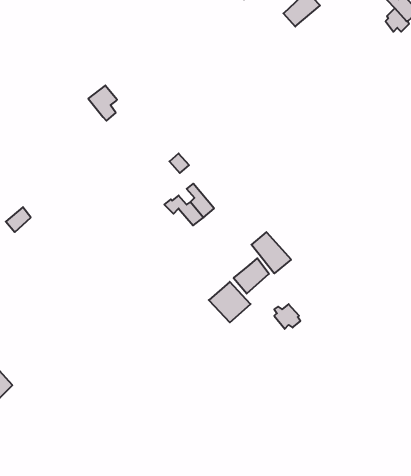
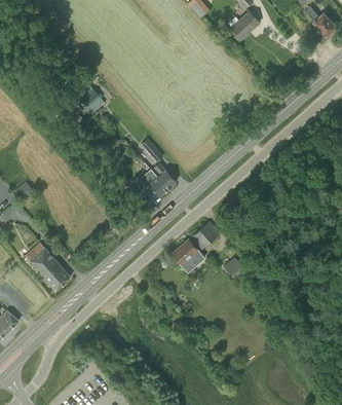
building: [251,232,291,273] -> none
building: none -> [27,243,71,289]

